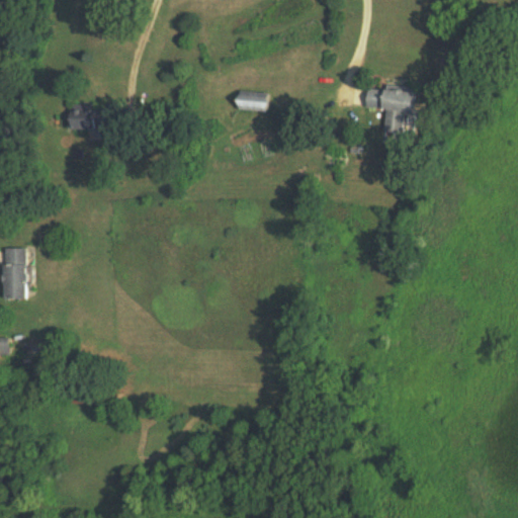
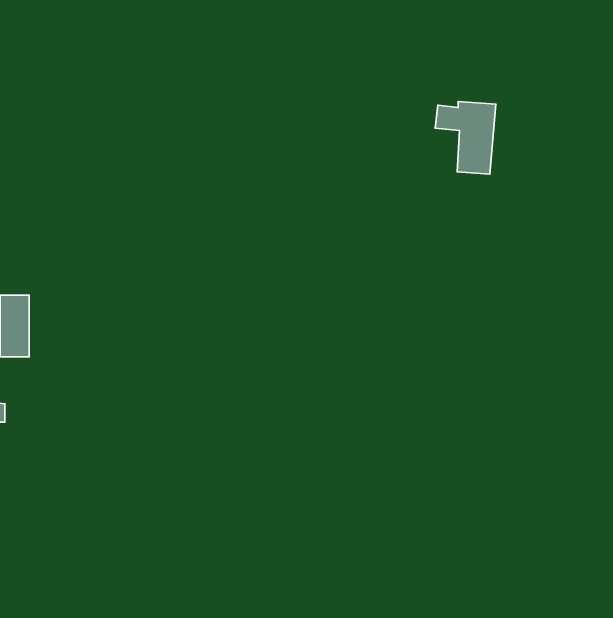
building: [238,91,268,111] -> none
building: [69,104,94,130] -> none

